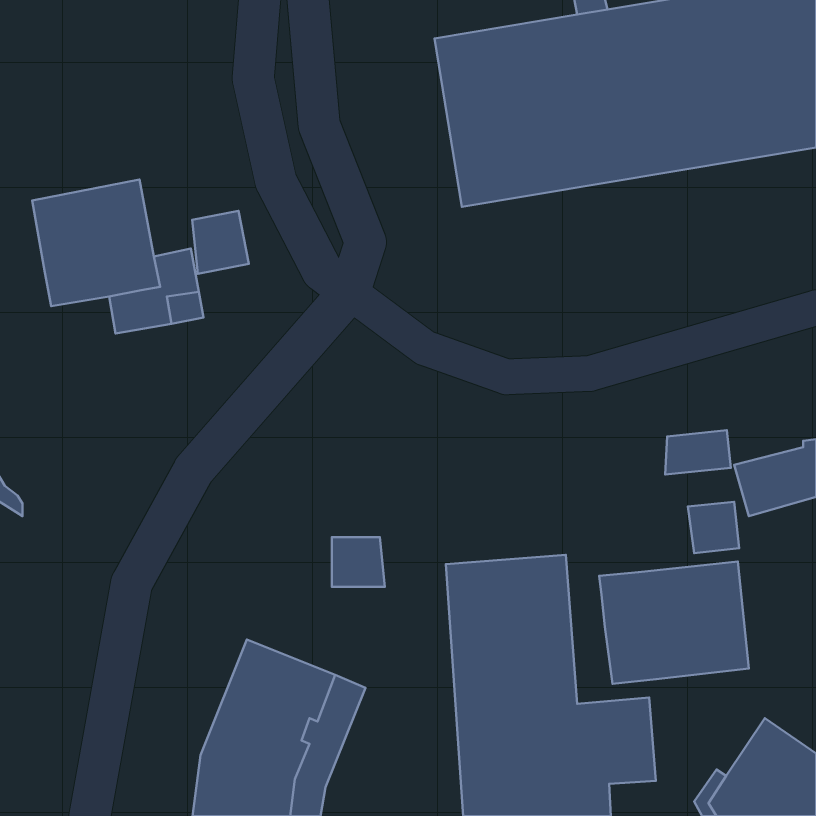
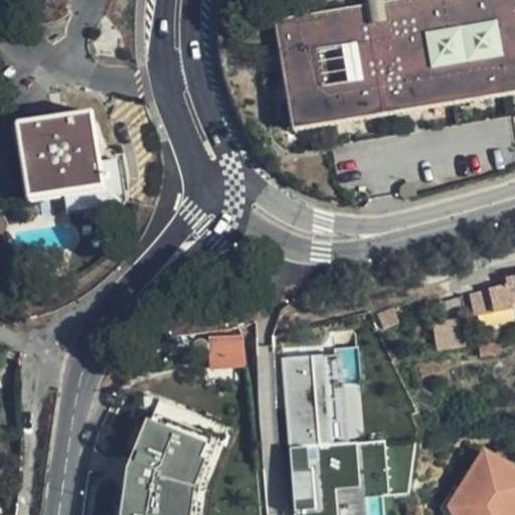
building: [192,211,249,274] -> none
building: [665,430,731,475] -> none
building: [599,561,749,684] -> none

